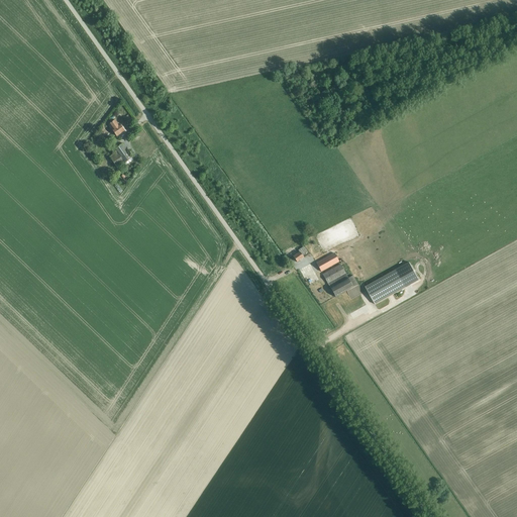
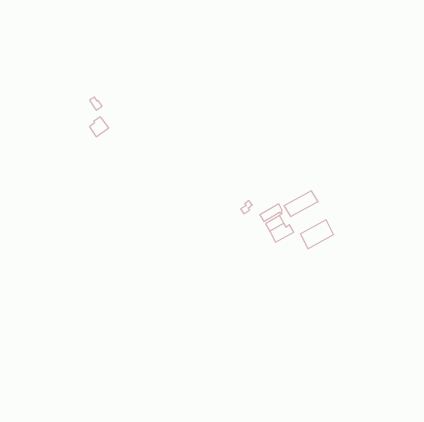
building: none -> [284,191,318,217]

